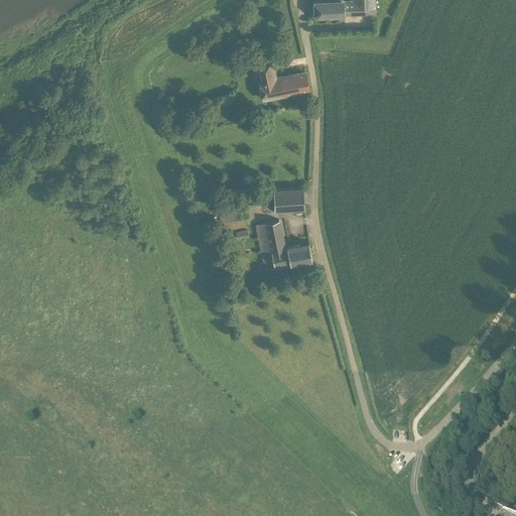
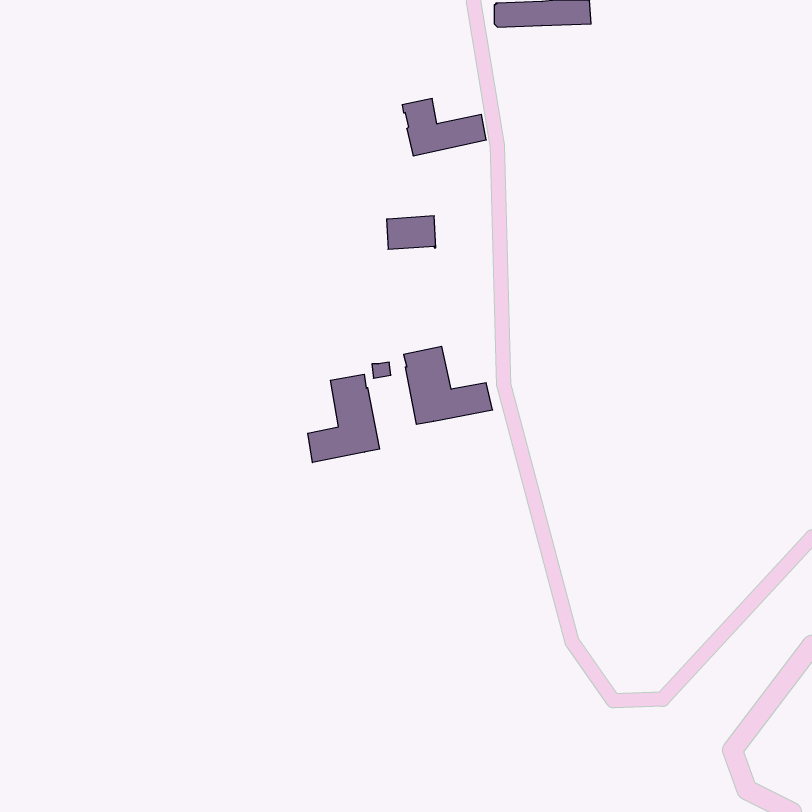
building: [273,187,304,209] -> [387,216,436,249]
building: none -> [308,374,380,463]

